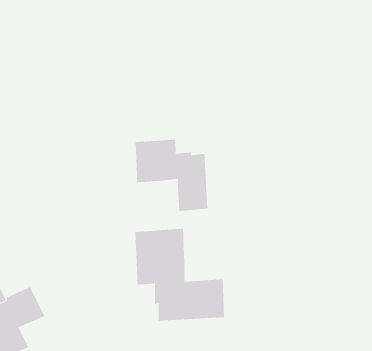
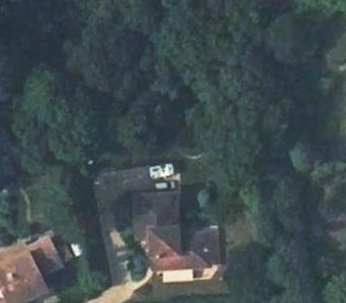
building: [135,139,208,212] -> none

